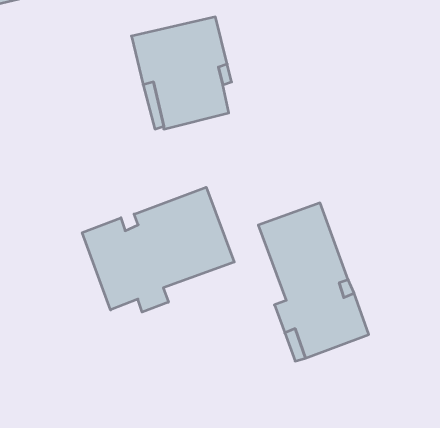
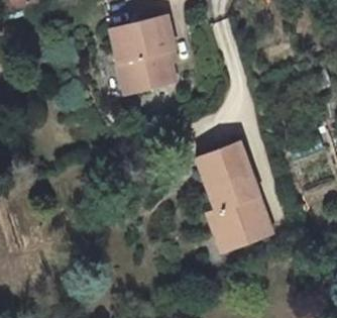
building: [82,187,234,312] -> none

